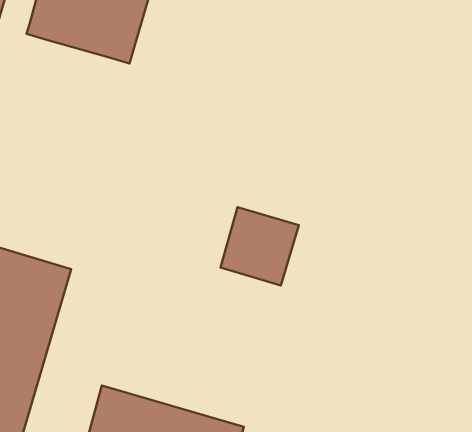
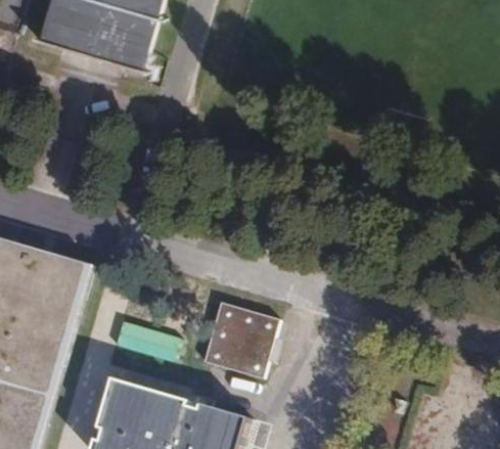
building: [220,207,299,285] -> [198,302,274,377]

